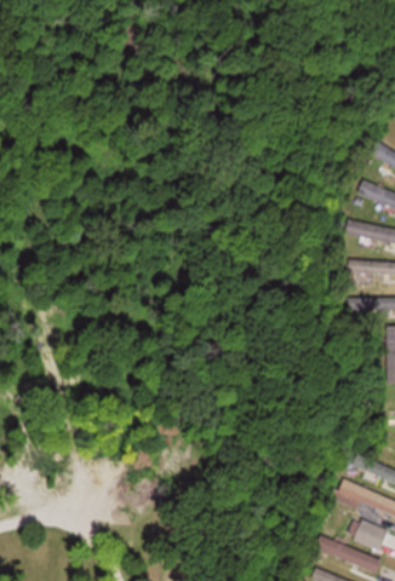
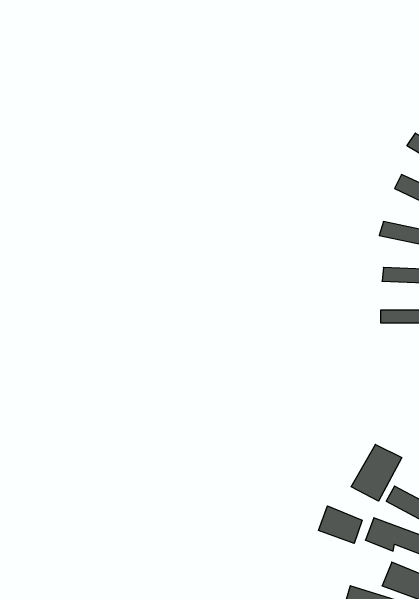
building: none -> [351,444,402,501]
building: none -> [319,506,362,543]

